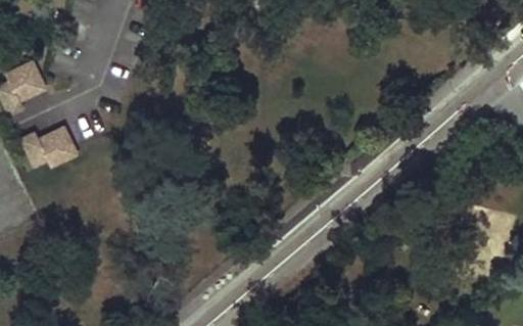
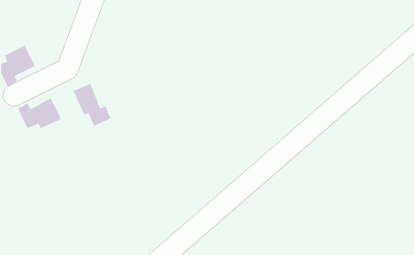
building: none -> [72,83,111,126]

